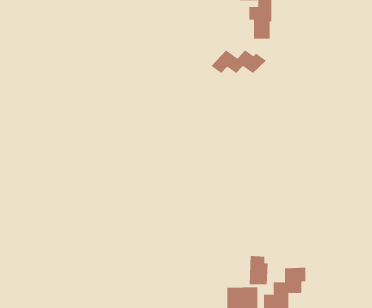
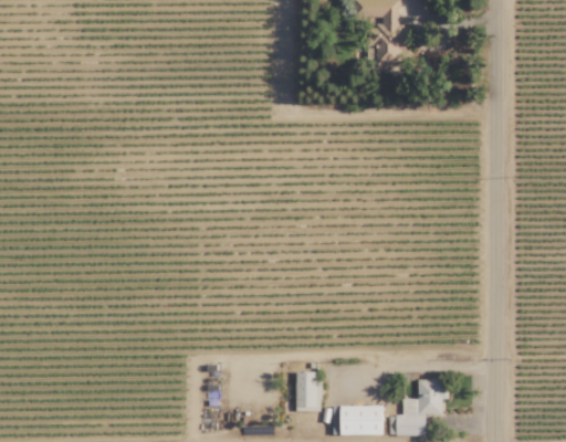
building: [211,49,267,74] -> none
building: [249,256,268,285] -> [295,370,322,410]

